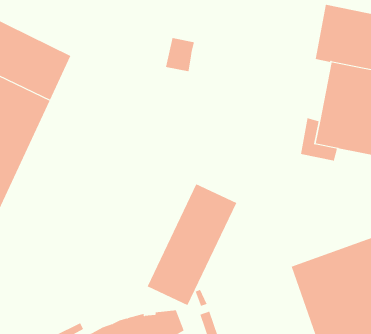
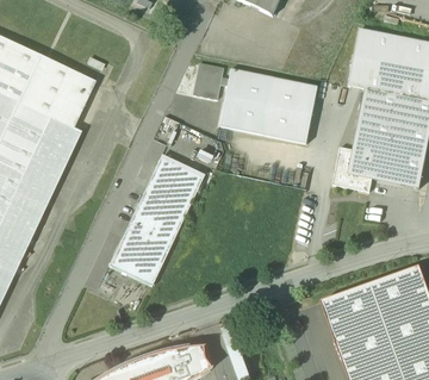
building: none -> [218,69,318,143]
building: [147,183,237,306] -> [108,158,203,286]

